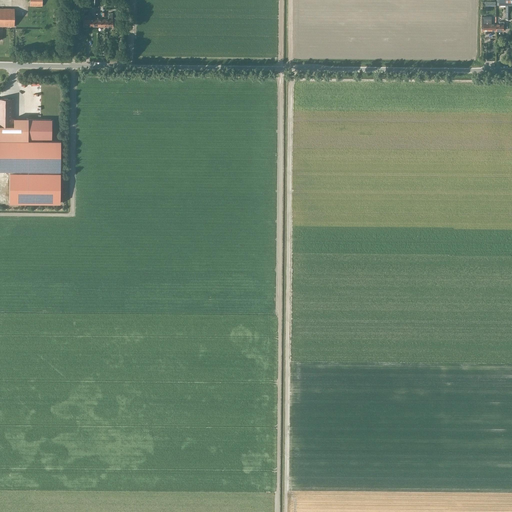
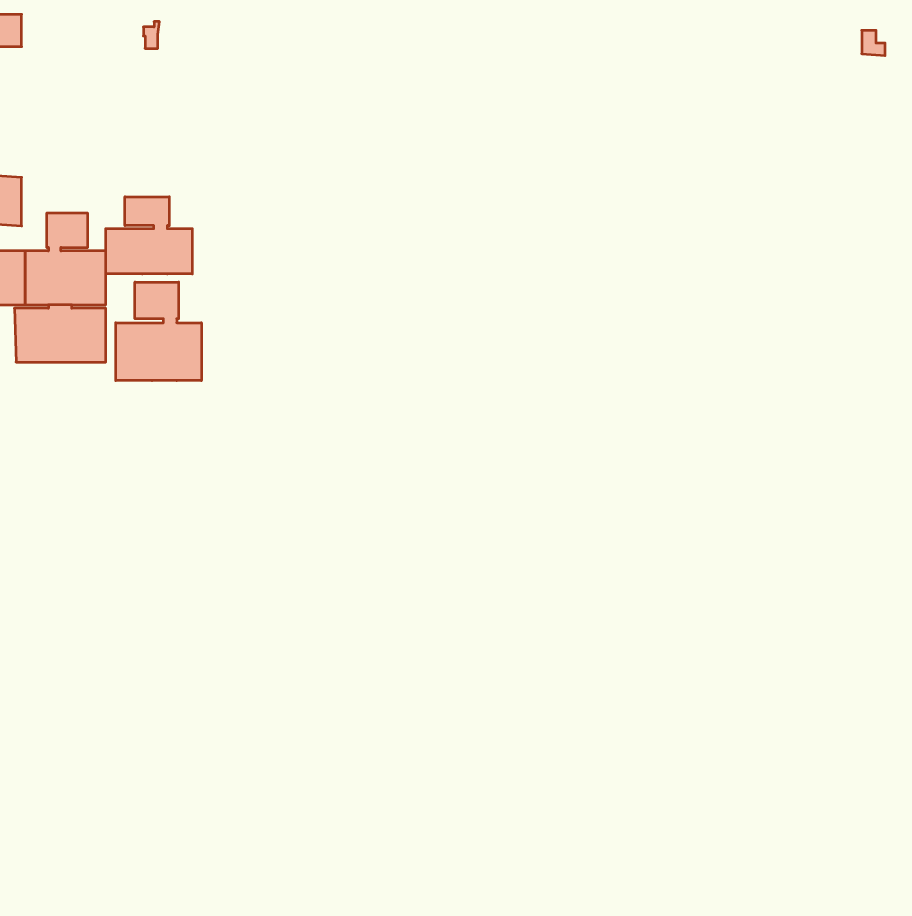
building: none -> [106,197,192,274]
building: none -> [116,282,201,381]

